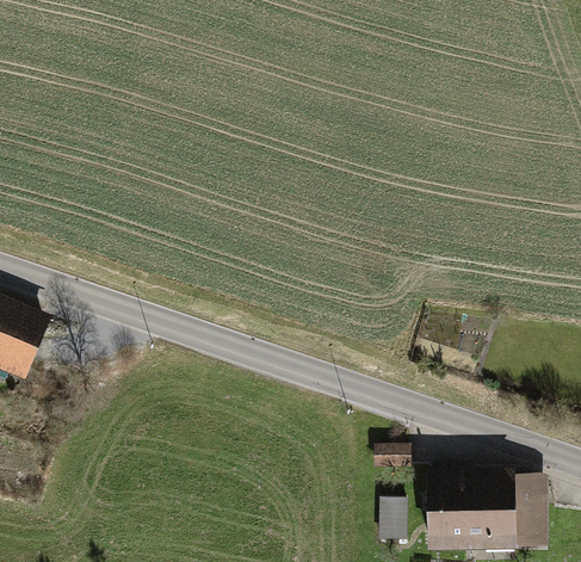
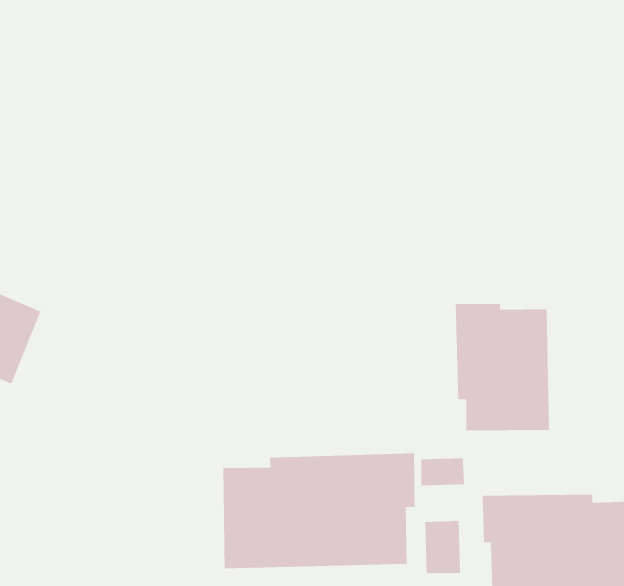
building: none -> [455,303,550,431]
building: none -> [223,453,415,569]

